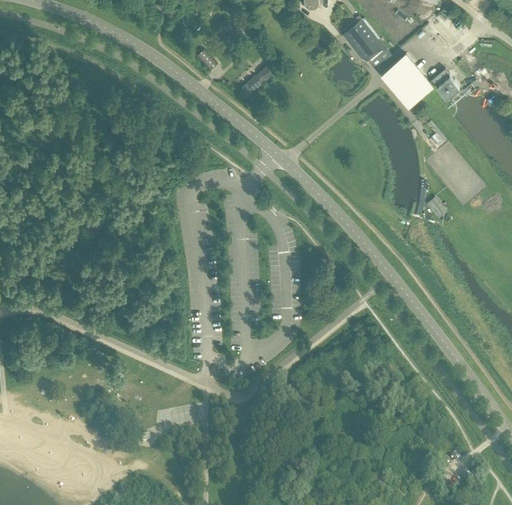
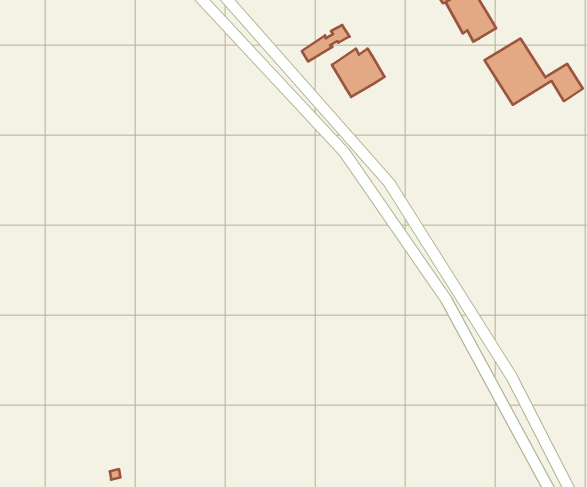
building: none -> [332,49,385,97]

